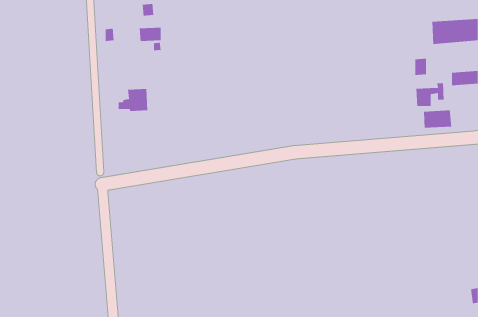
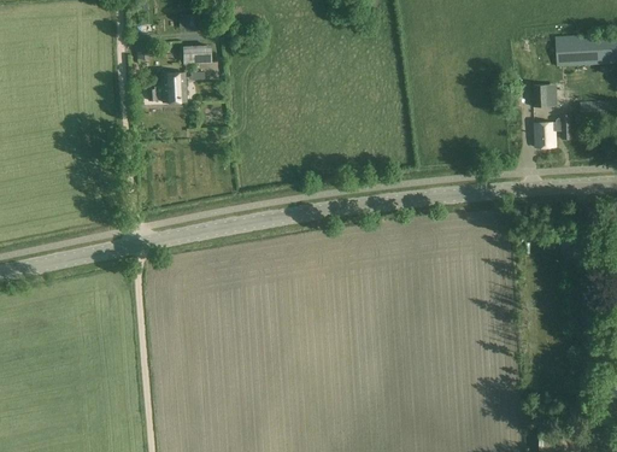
building: [118,88,148,112] -> [147,74,186,104]
building: [423,110,452,129] -> none

